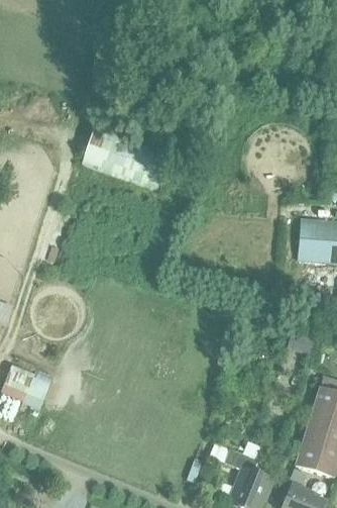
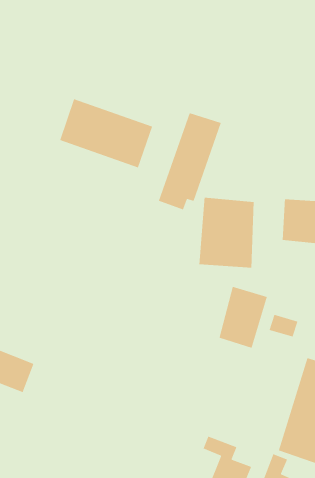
building: none -> [158,112,222,210]
building: none -> [199,197,254,269]
building: none -> [218,286,268,349]

